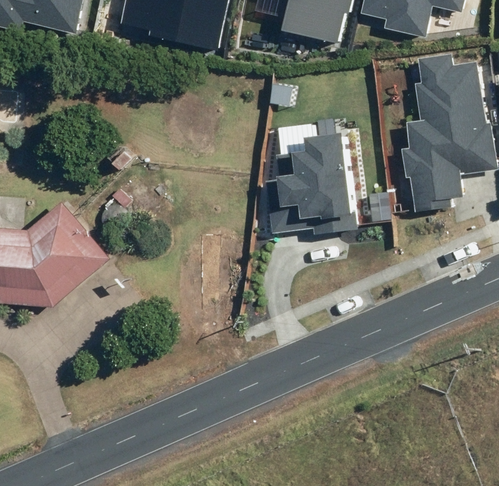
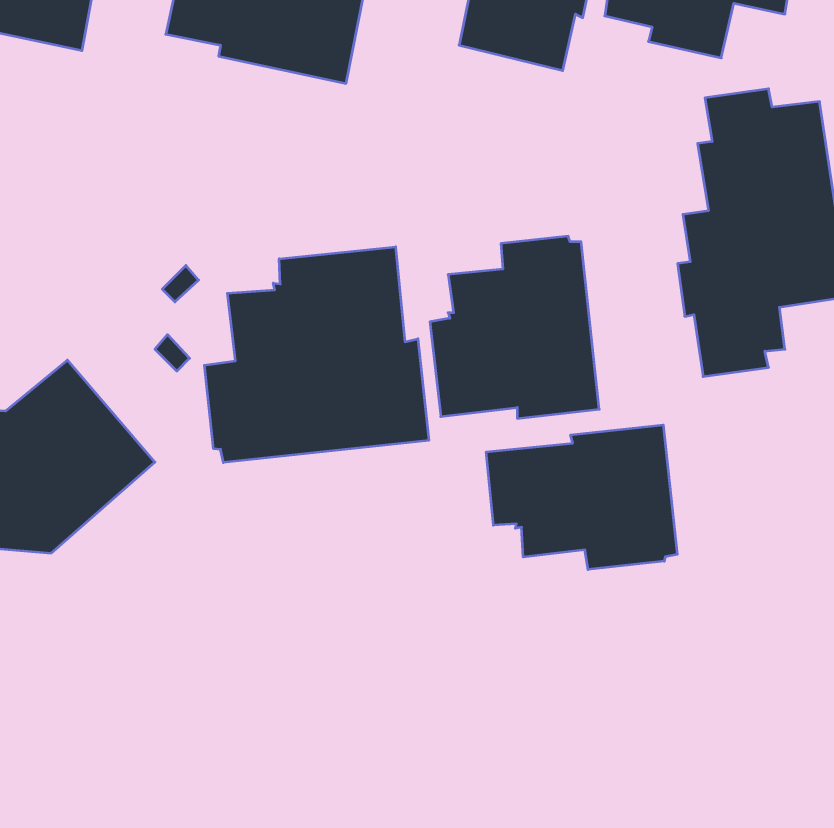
building: none -> [204,247,429,463]
building: none -> [486,425,677,570]

